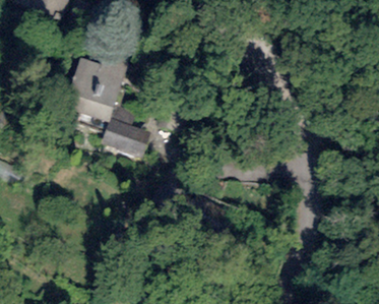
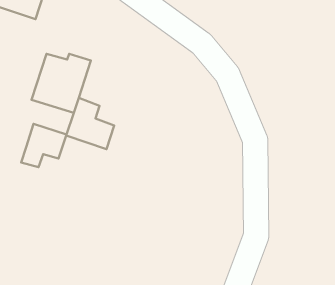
building: none -> [21,124,66,167]

